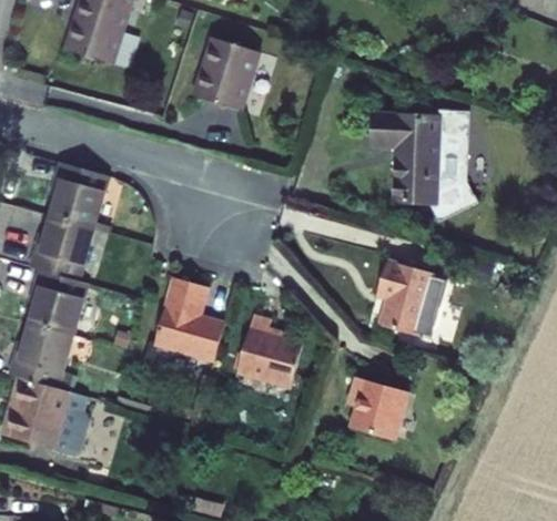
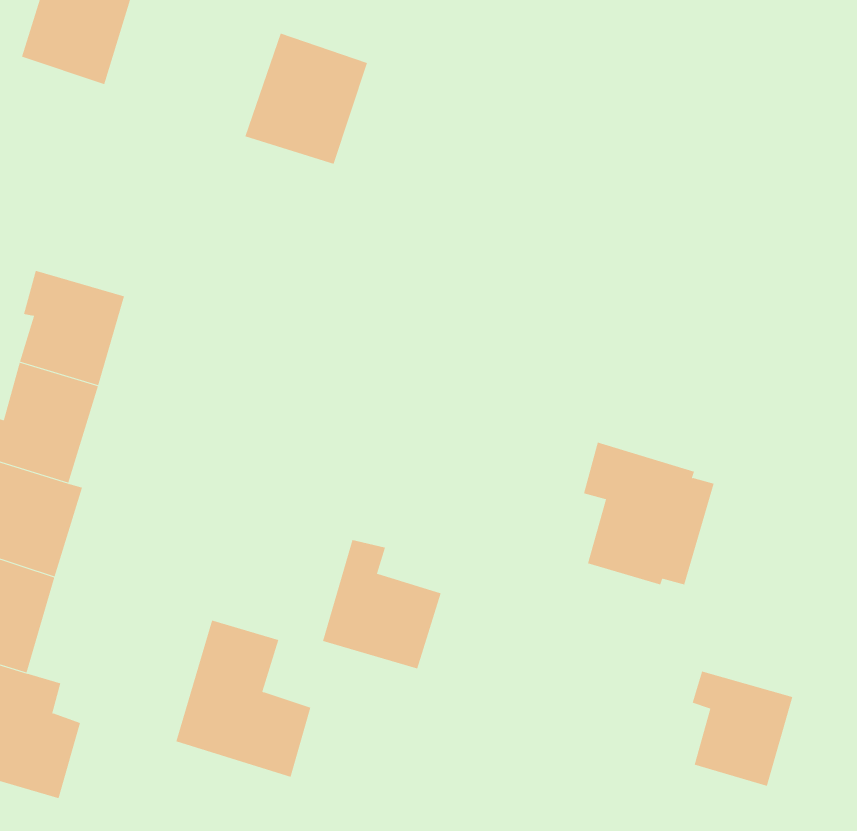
building: [375,112,478,226] -> none
building: [145,275,221,362] -> [176,620,311,777]
building: [350,374,406,438] -> [692,671,793,787]

